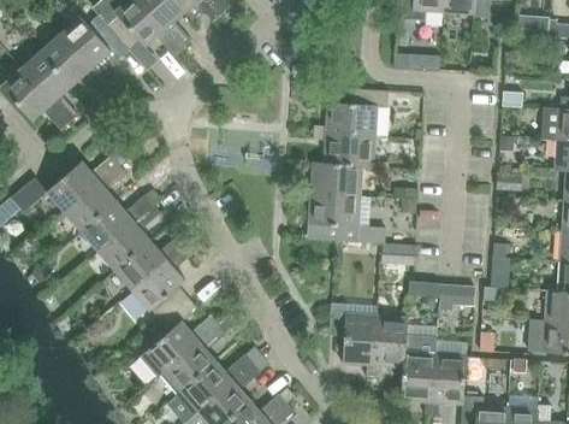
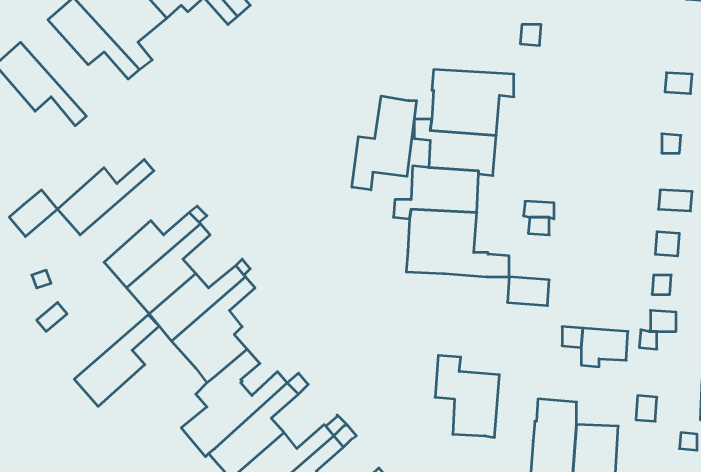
building: [19,51,77,123] -> none
building: none -> [352,96,417,190]
building: [64,164,128,232] -> [74,315,159,406]
building: [366,317,408,377] -> none

